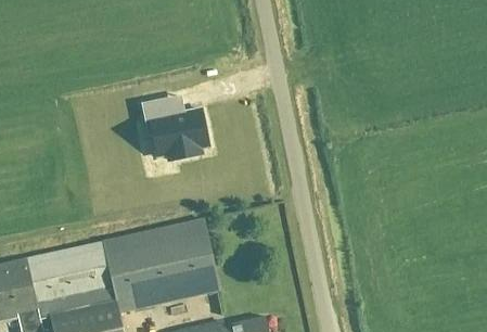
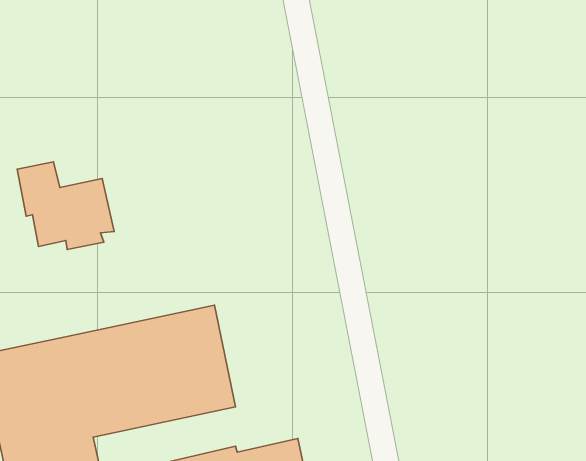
building: [146,90,216,153] -> [17,162,114,250]

